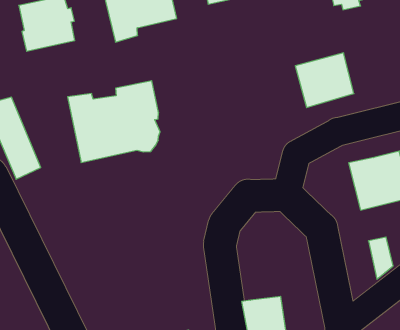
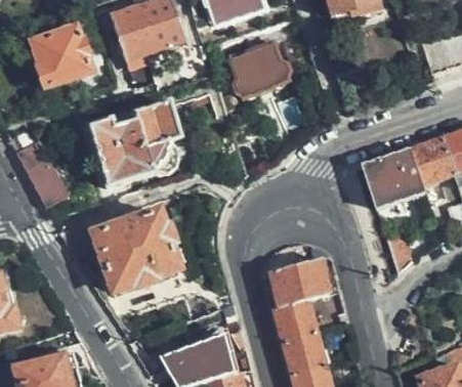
building: [295,53,354,108] -> [229,41,288,96]
building: none -> [96,210,179,289]
building: none -> [270,256,330,303]

